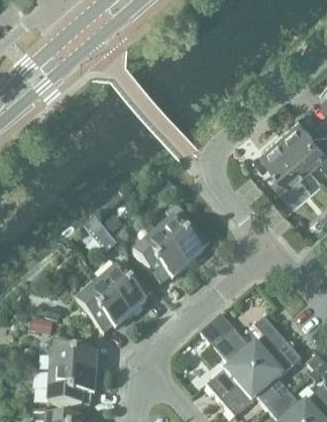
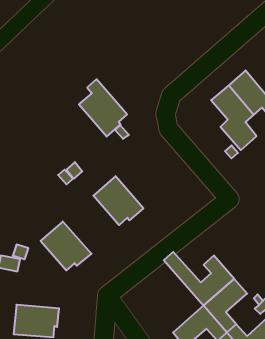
building: [157,205,210,268] -> [79,79,127,137]
building: [100,261,152,317] -> none
building: [200,324,253,403] -> none
building: [49,341,97,377] -> none

